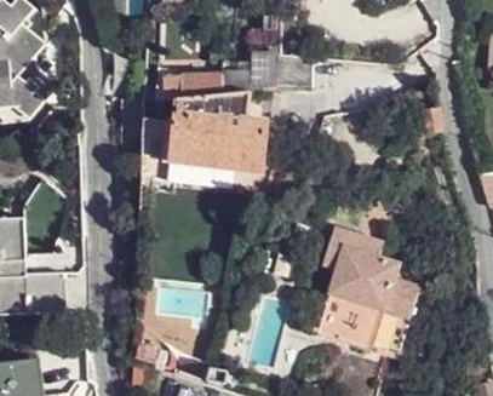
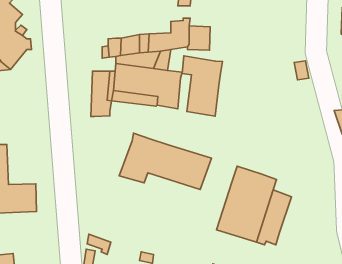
building: none -> [182,56,222,116]
building: none -> [119,133,211,189]
building: [322,230,384,272] -> none

